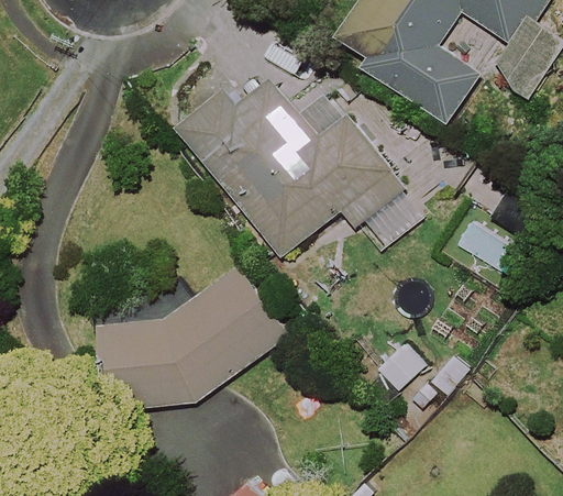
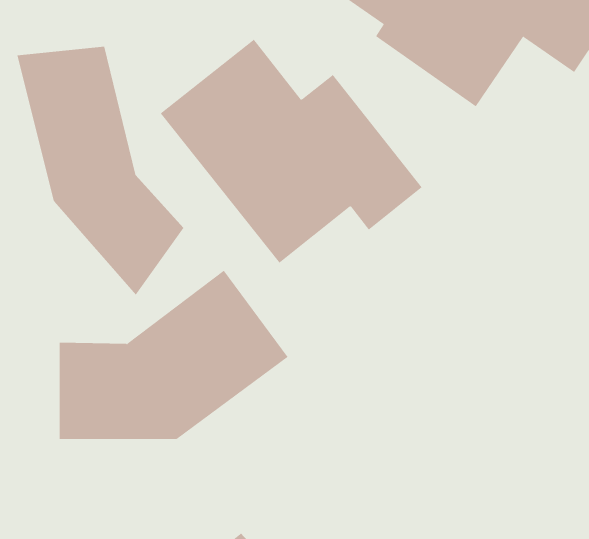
building: none -> [17,46,184,296]

